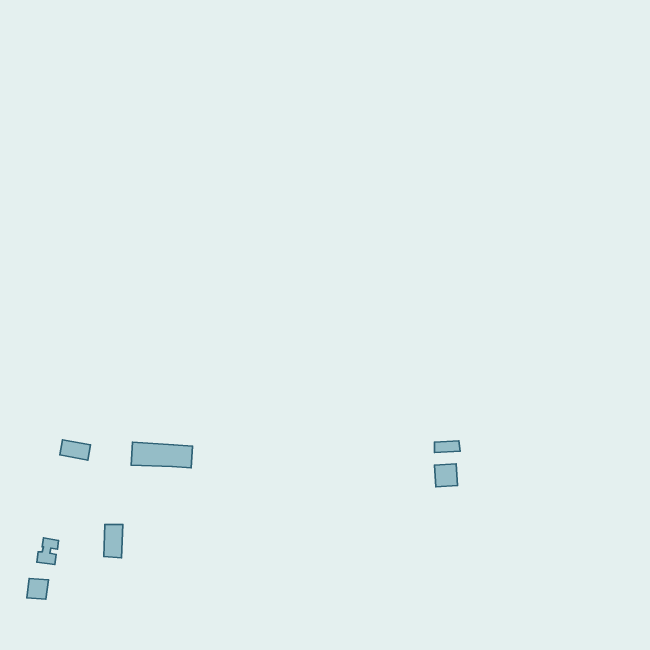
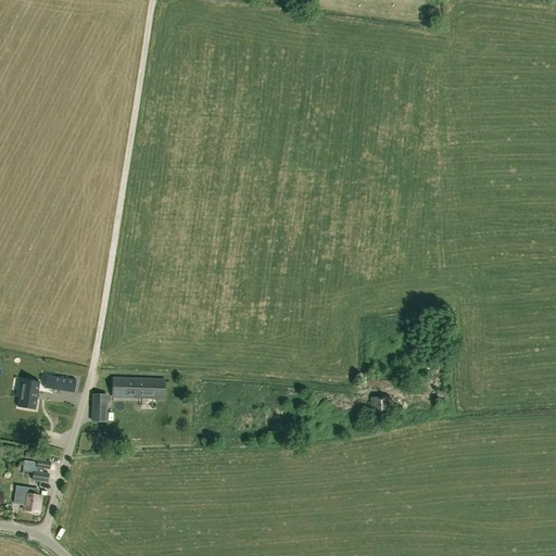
building: none -> [16,378,39,409]
building: [104,525,123,558] -> [90,393,106,421]

